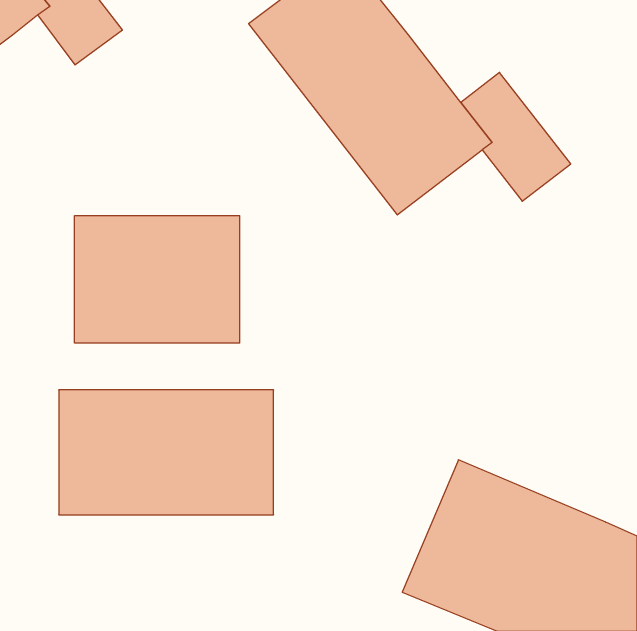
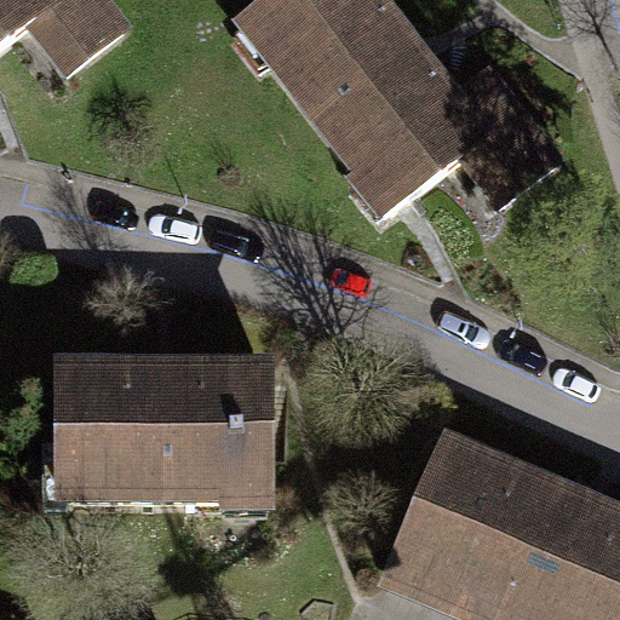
building: [75,216,240,343] -> none

